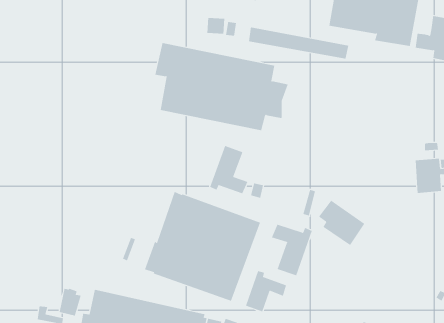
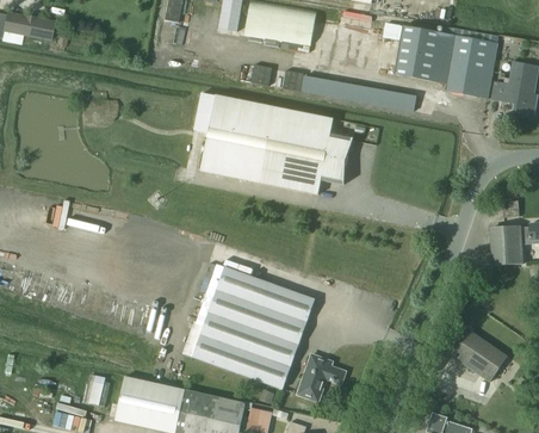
building: [209,145,248,194] -> none
building: [318,200,365,246] -> [453,328,507,381]
building: [271,224,313,276] -> none

